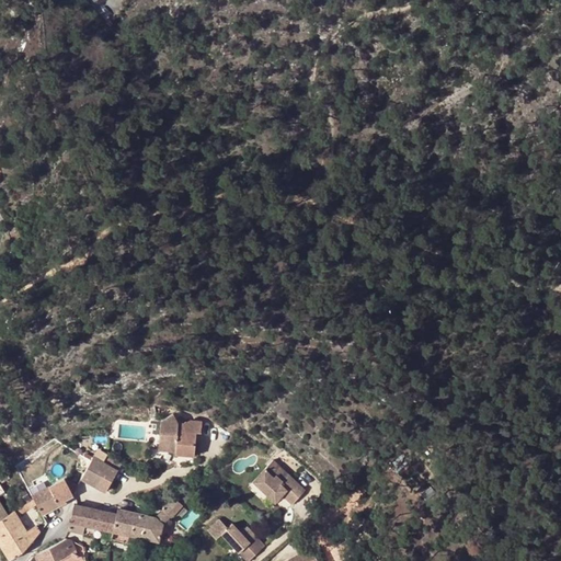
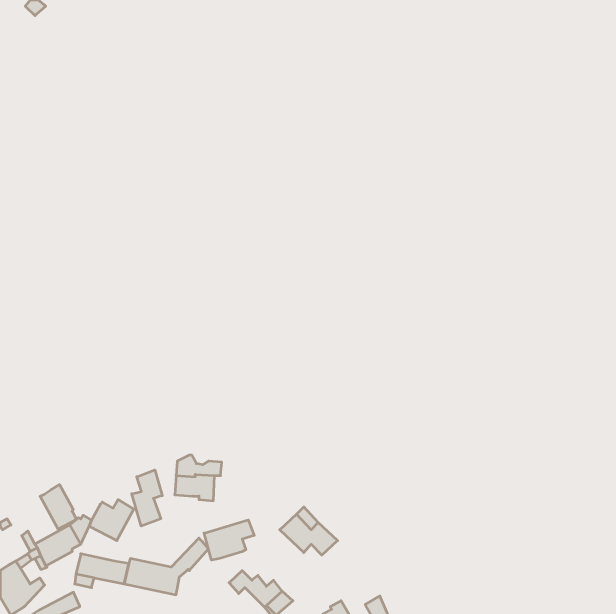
building: none -> [132,470,162,526]
building: none -> [40,485,76,529]
building: none -> [204,520,254,560]

